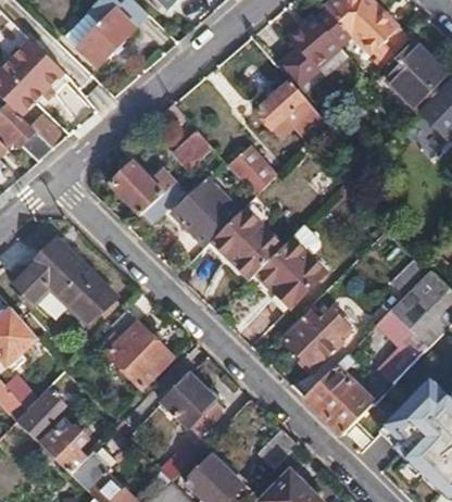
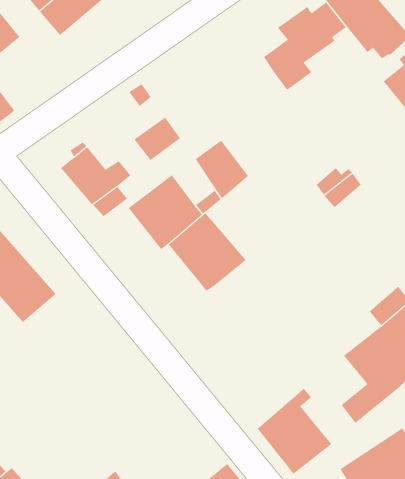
building: [255,81,312,137] -> none
building: [256,238,327,306] -> none
building: [286,303,348,369] -> none
building: [101,308,174,388] -> none
building: [161,374,223,434] -> none

